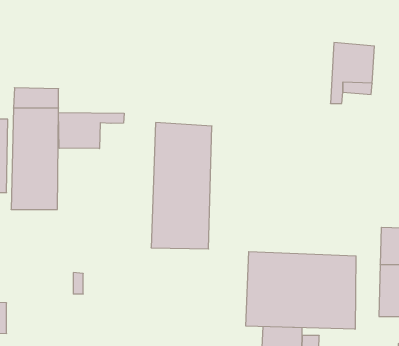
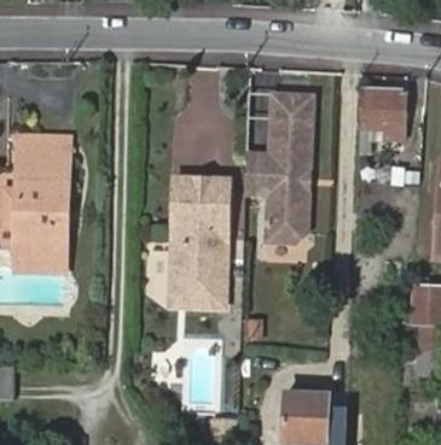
building: none -> [243,92,315,246]
building: [58,112,124,149] -> none
building: [246,252,356,329] -> none

